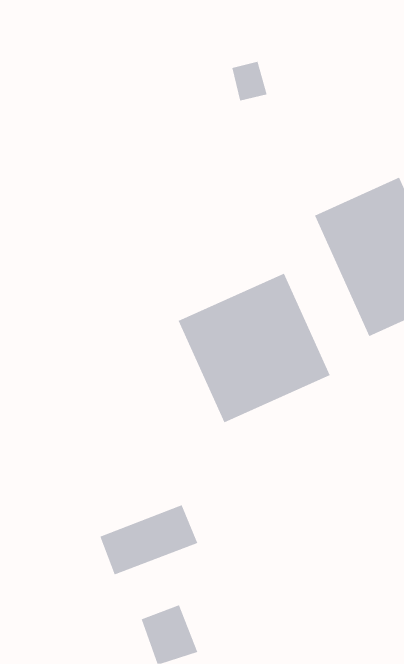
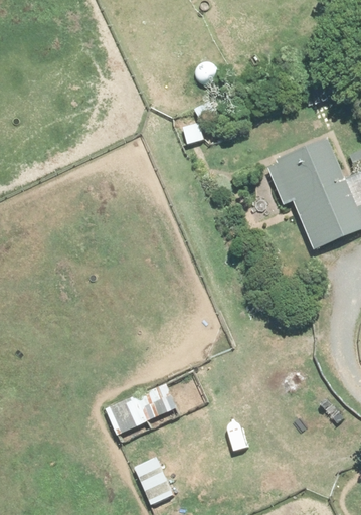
building: [178,273,330,423] -> none

